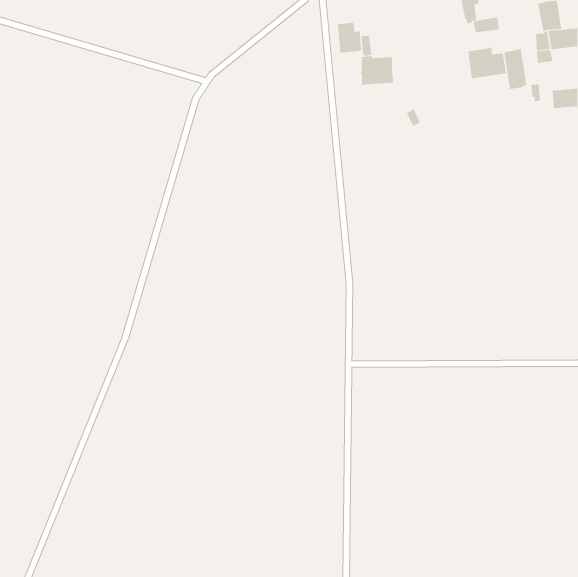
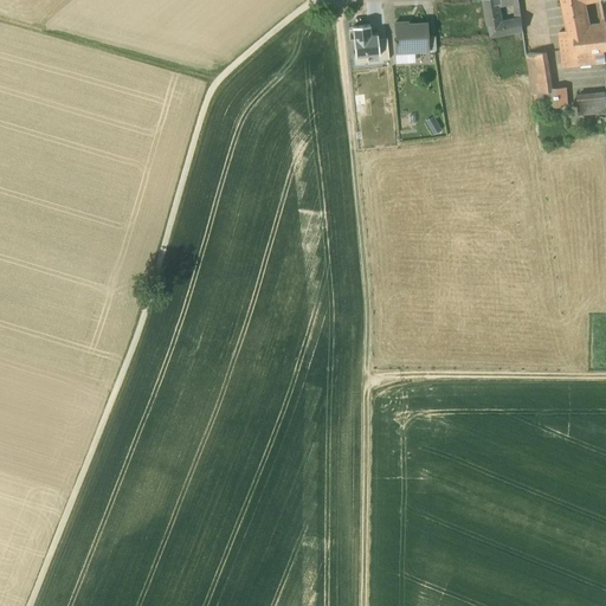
building: [468,47,507,79] -> none
building: [360,56,394,85] -> [394,21,430,52]

